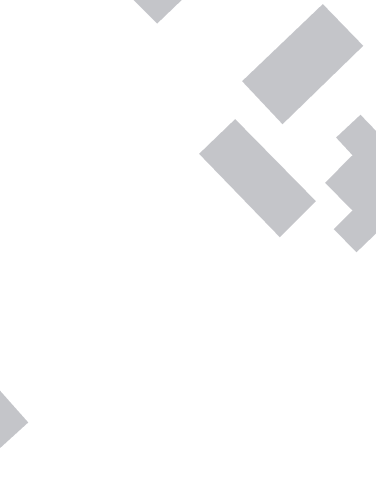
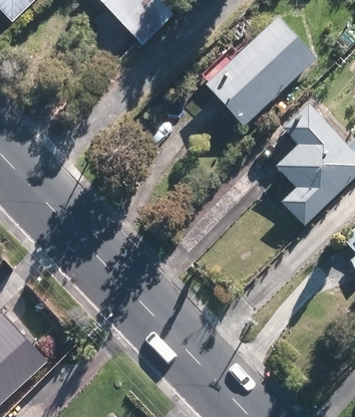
building: [198,118,317,238] -> none

